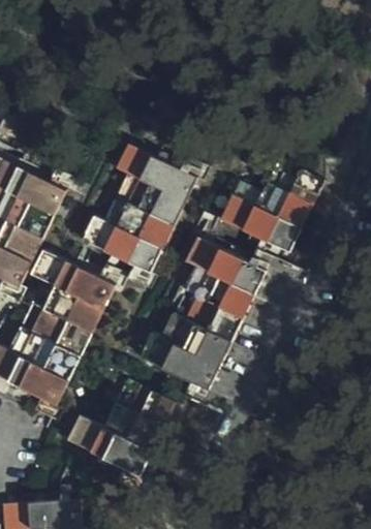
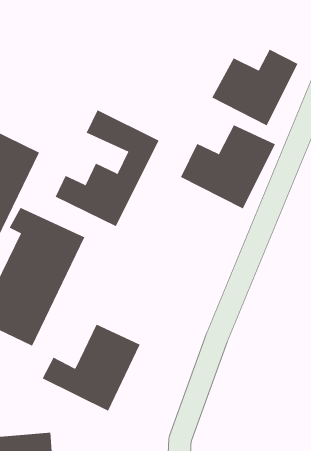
building: none -> [211,49,298,126]
building: [140,237,265,392] -> none

